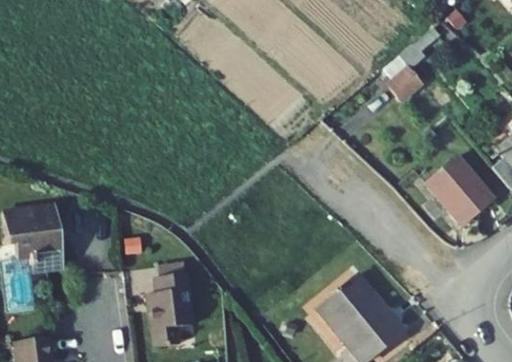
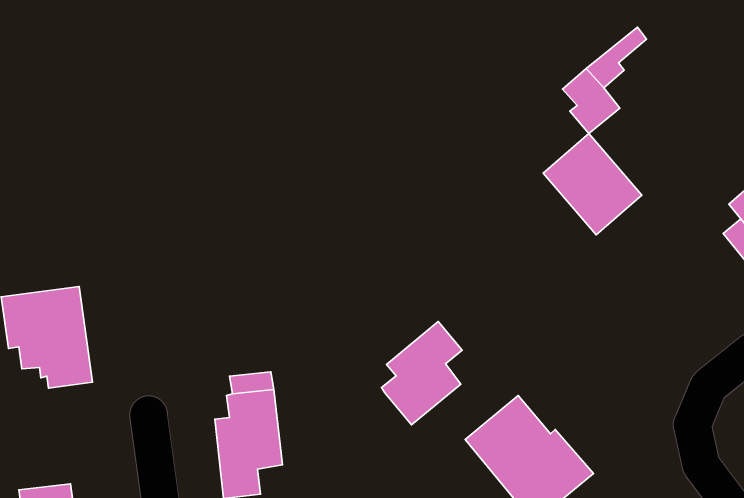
building: [426,156,493,225] -> [543,133,642,235]
building: none -> [381,321,462,425]

